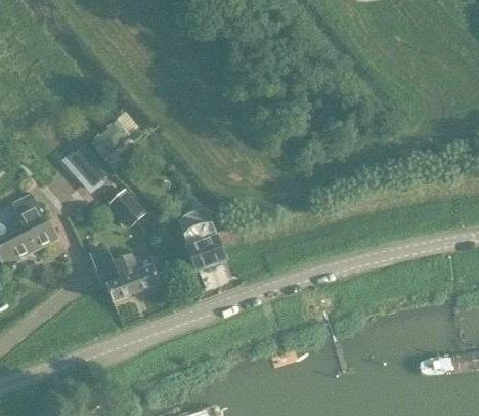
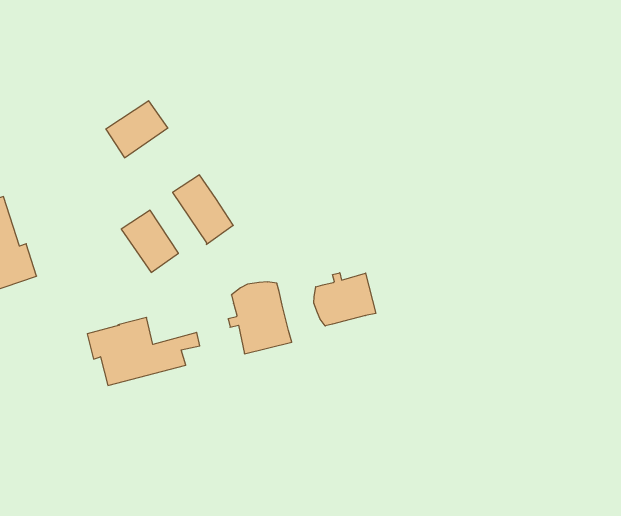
building: [68,144,108,188] -> [173,175,233,244]
building: none -> [314,273,376,326]

